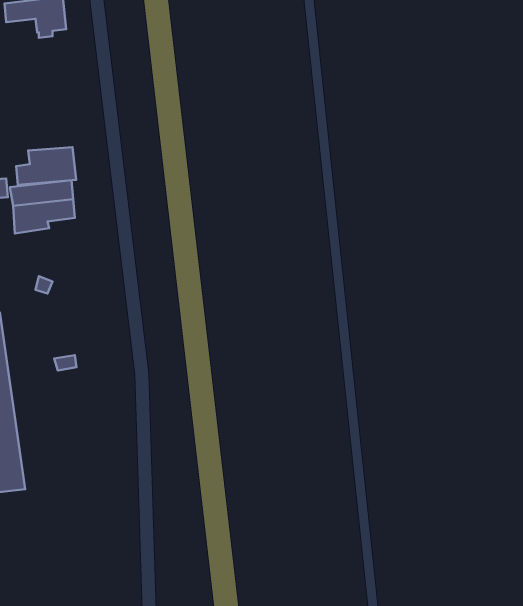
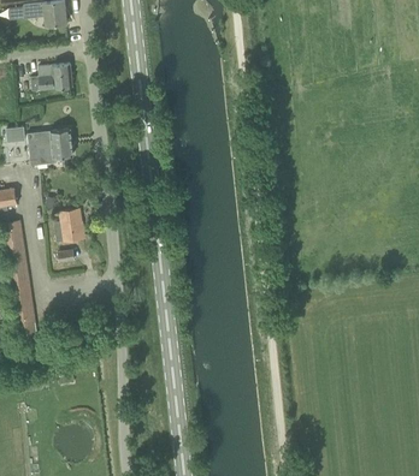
building: [16,147,76,185] -> [30,64,72,90]
building: none -> [53,209,83,243]

